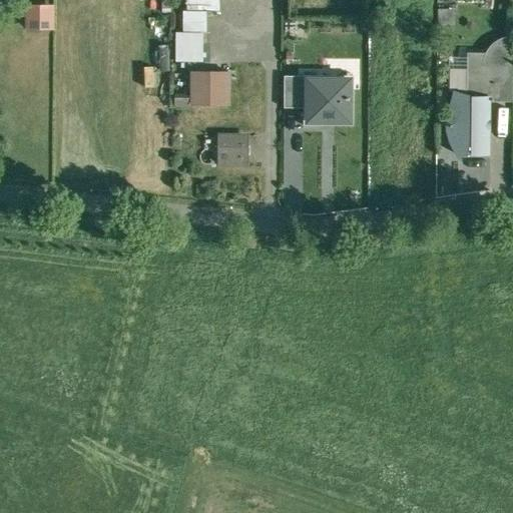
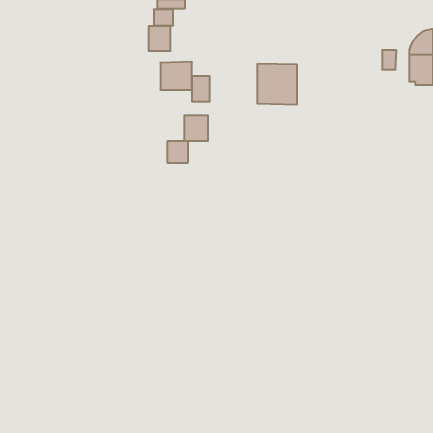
building: [24,5,53,27] -> none
building: [283,75,304,105] -> [192,76,210,102]
building: [448,90,490,154] -> none
building: none -> [168,141,188,163]

